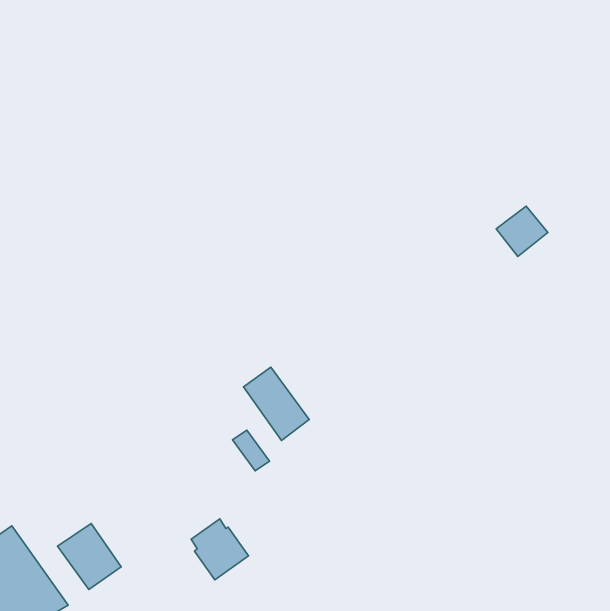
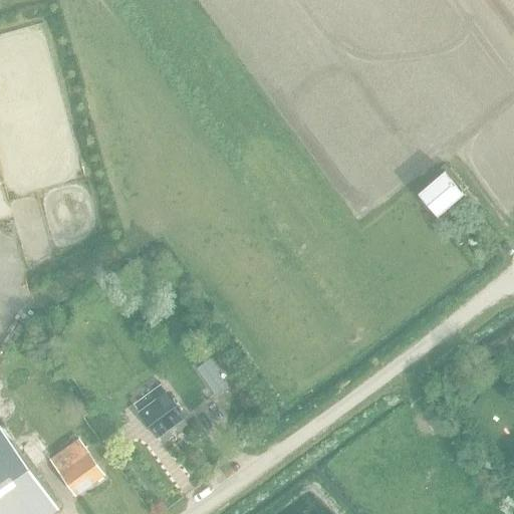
building: [243,367,309,440] -> none
building: [191,519,249,580] -> [135,386,183,437]

